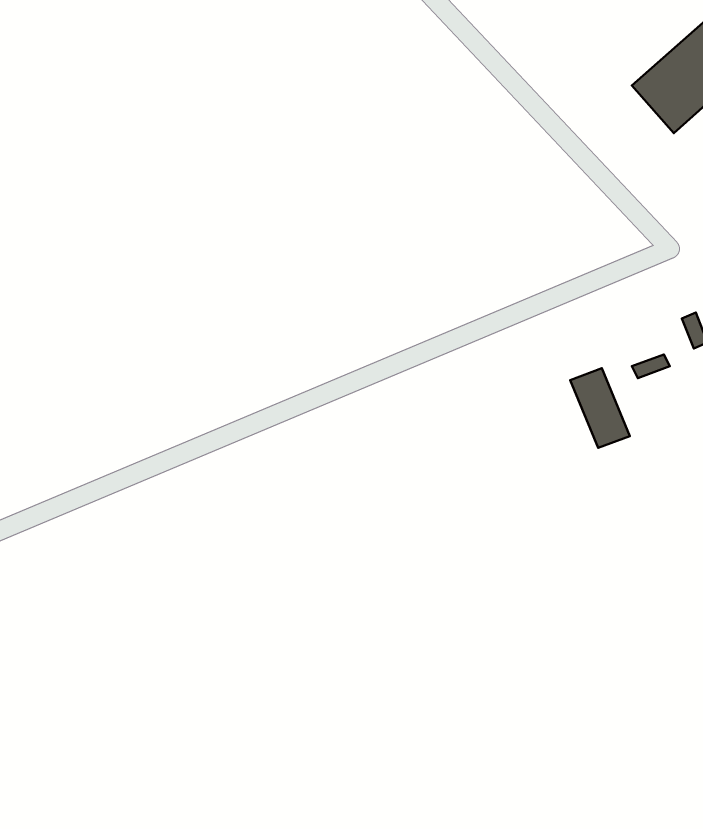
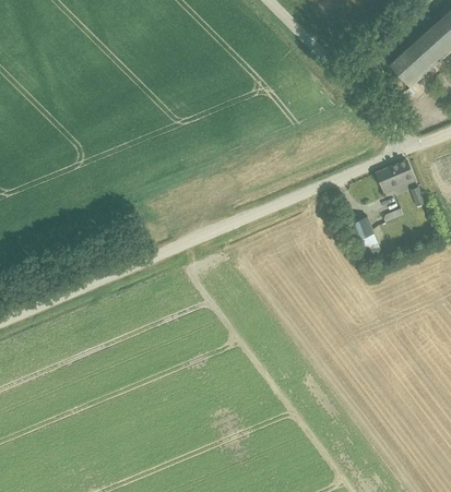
building: none -> [378,163,417,188]

